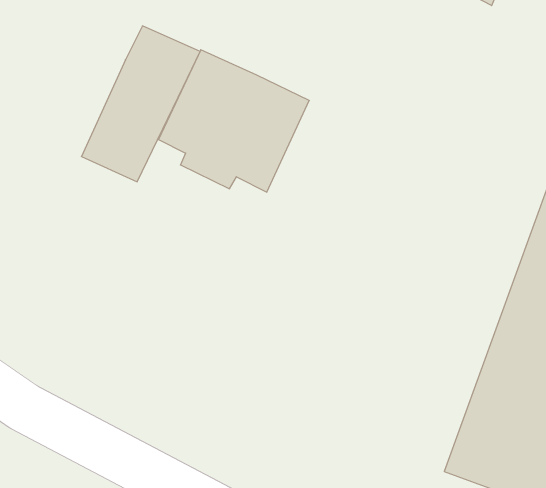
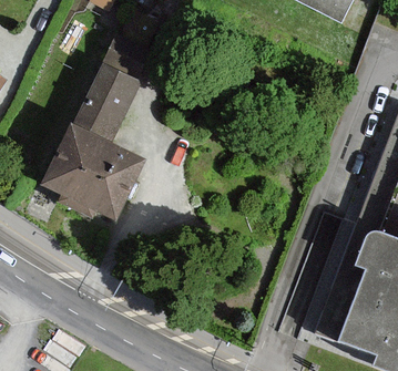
building: [158,50,309,192] -> [45,125,144,218]

